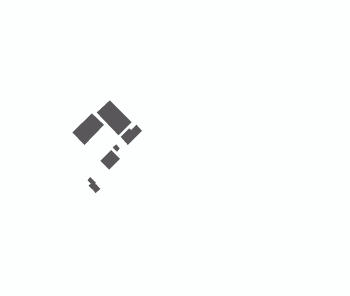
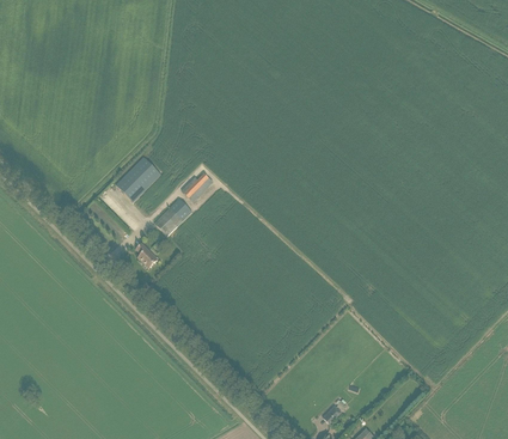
building: [96,100,132,136] -> none

